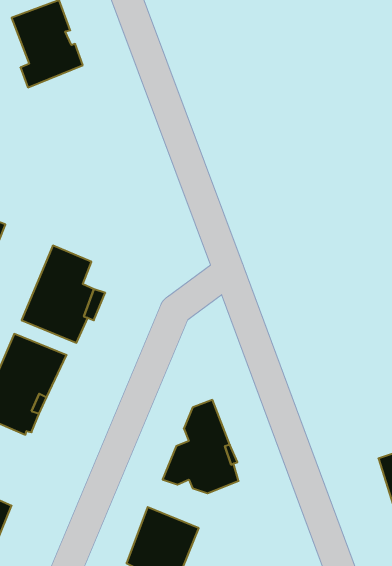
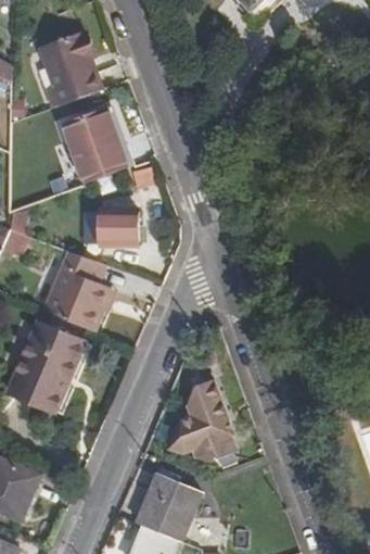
building: none -> [60,103,122,179]
building: none -> [102,207,132,248]

